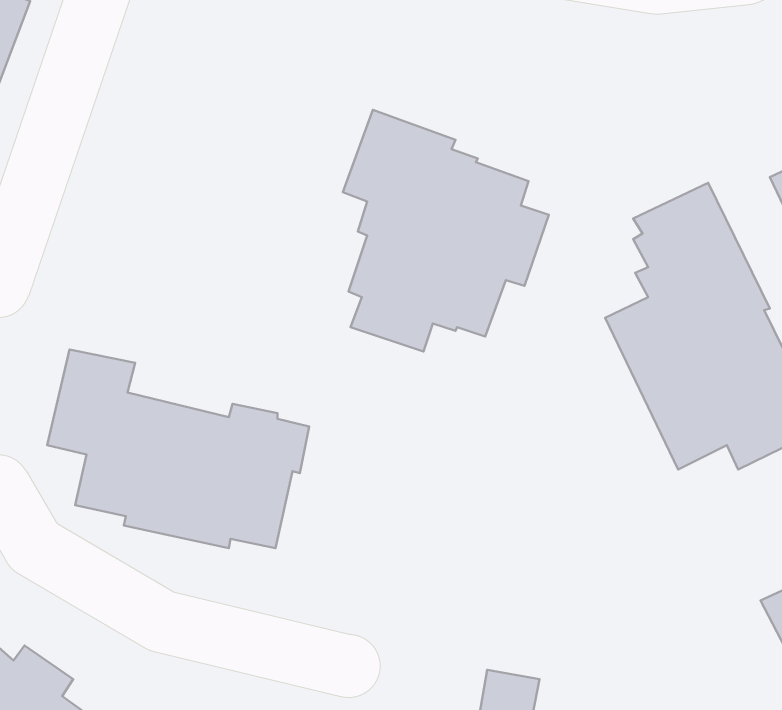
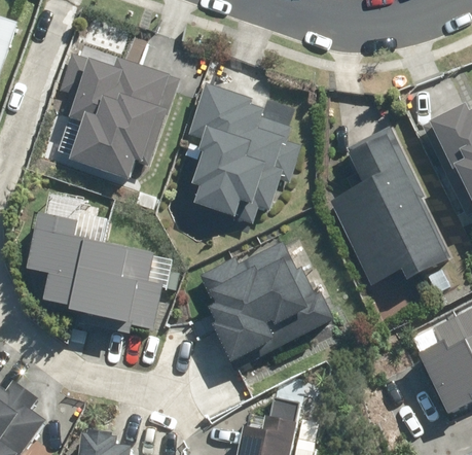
building: none -> [62,49,179,179]
building: none -> [201,236,331,362]

